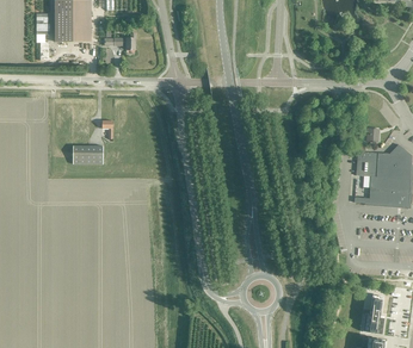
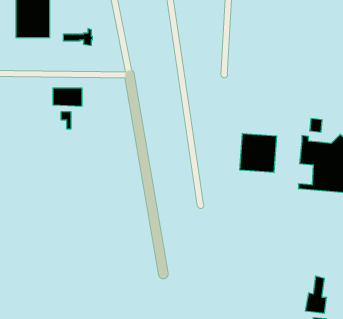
building: none -> [240,133,276,173]
building: [73,145,104,164] -> [53,88,82,106]

